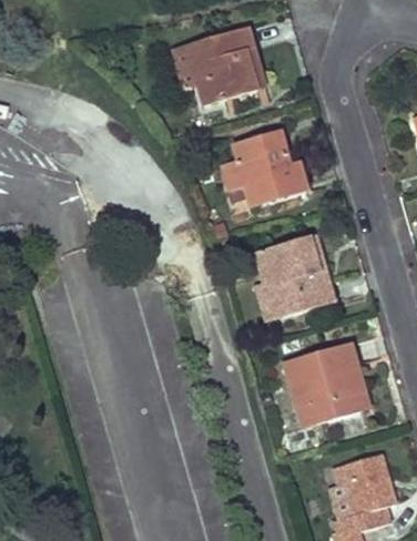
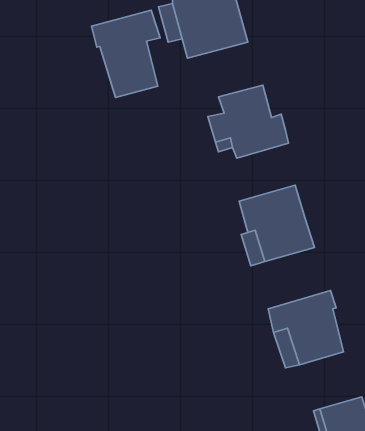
building: none -> [91,10,160,98]

